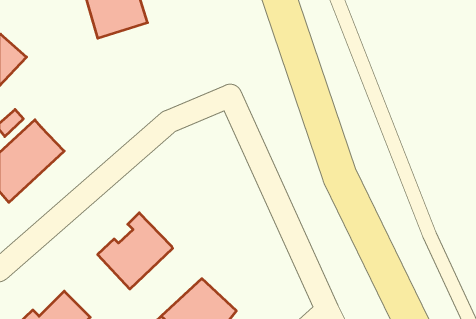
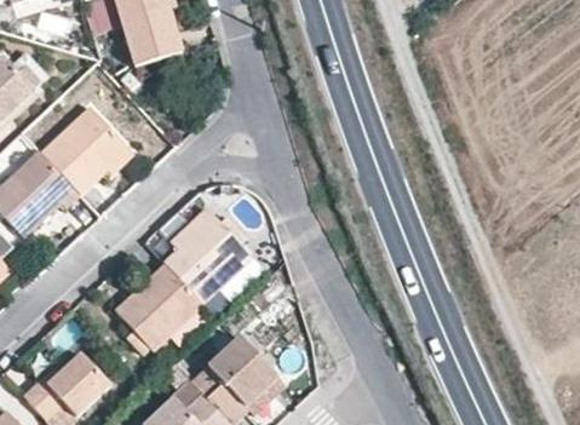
building: none -> [42,110,127,190]
building: none -> [163,207,251,300]

